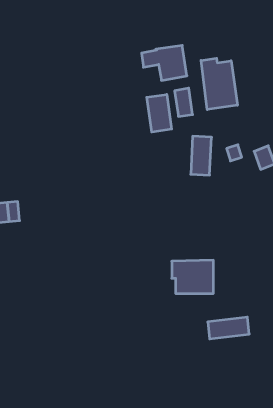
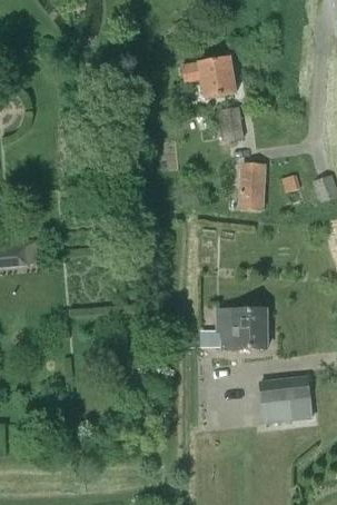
building: [201,58,237,110] -> none
building: [147,94,172,132] -> none
building: none -> [261,395,311,423]

